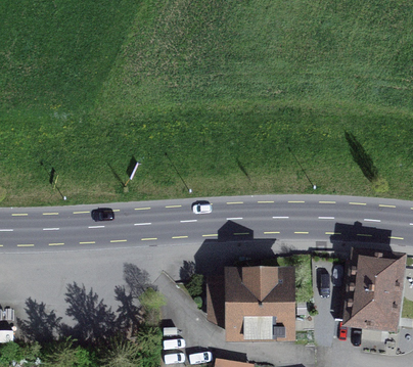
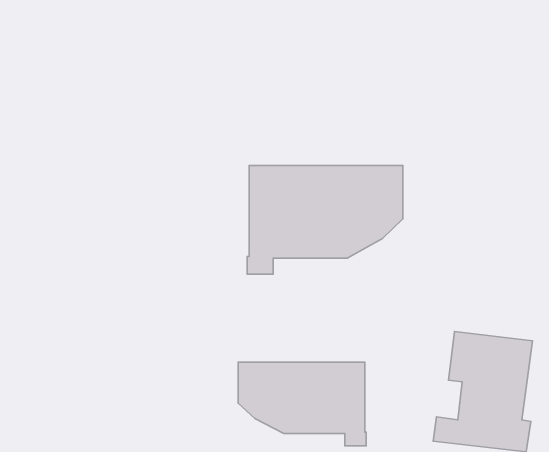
building: none -> [247,165,403,274]

